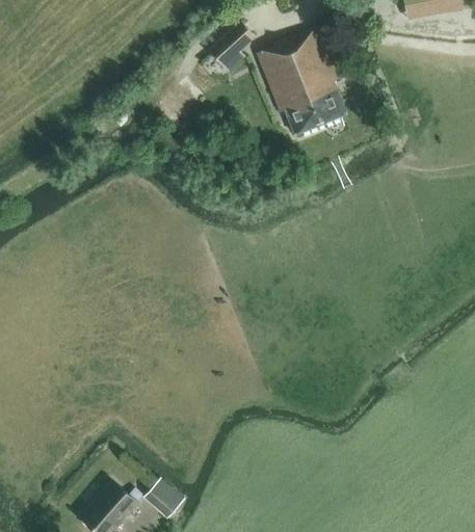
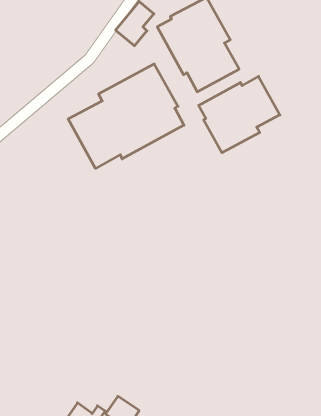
building: none -> [68,64,184,168]
building: none -> [199,76,280,153]

